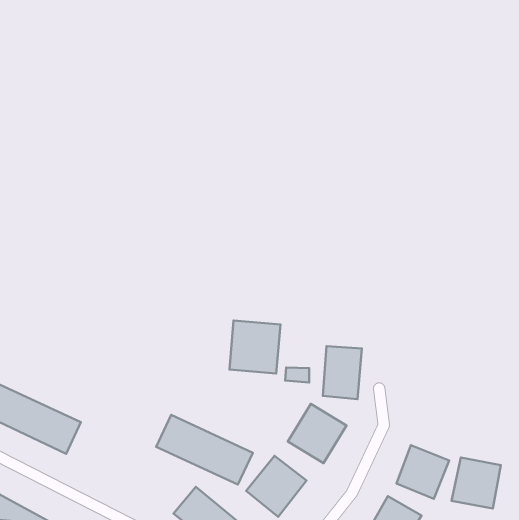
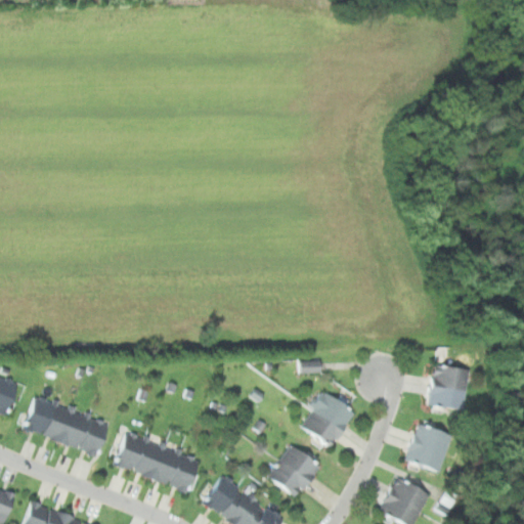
building: [229,321,280,373] -> none
building: [323,346,362,399] -> none
building: [156,415,253,485] -> [110,433,200,492]
building: [452,457,501,509] -> [429,364,472,409]

